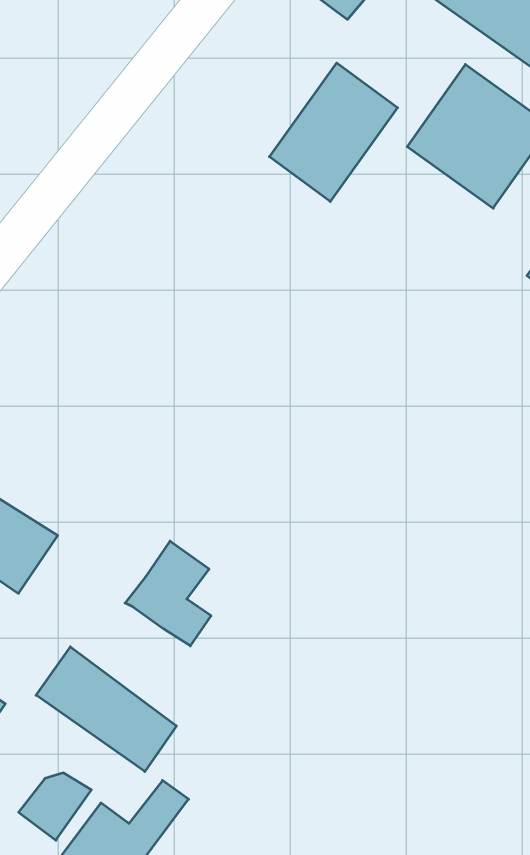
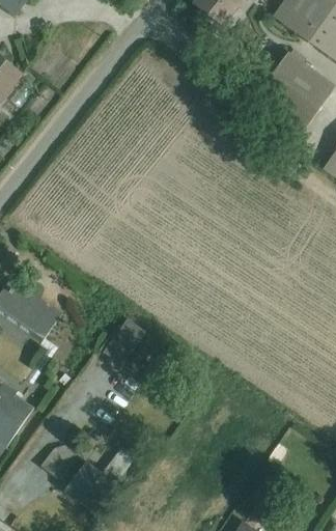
building: [269,63,398,202] -> none
building: [36,647,176,772] -> none

